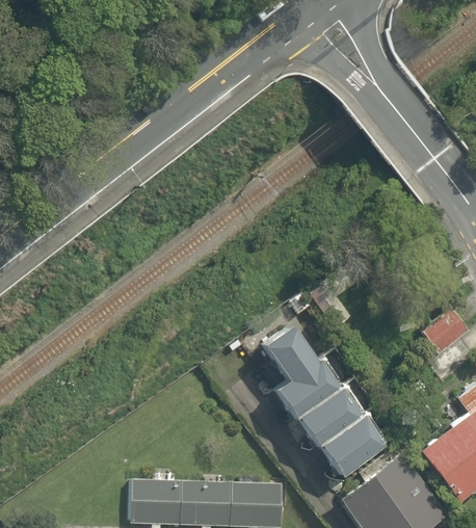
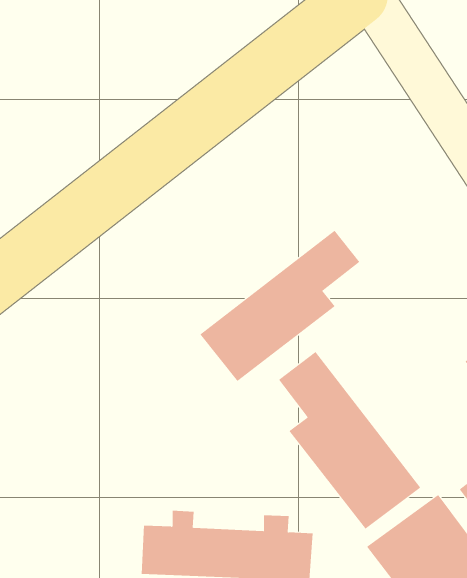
building: none -> [200,230,360,382]

